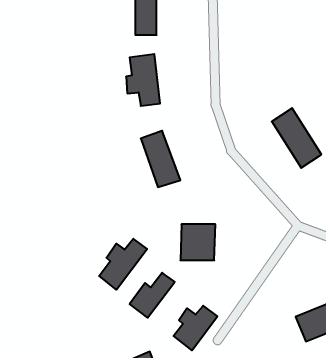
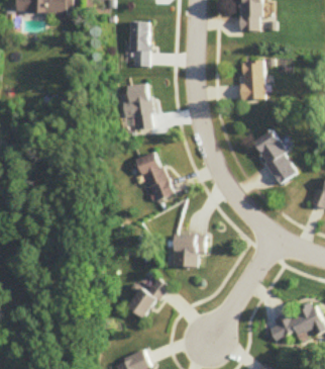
building: none -> [242,62,264,100]
building: [99,239,147,290] -> none
building: [174,306,217,350] -> none

